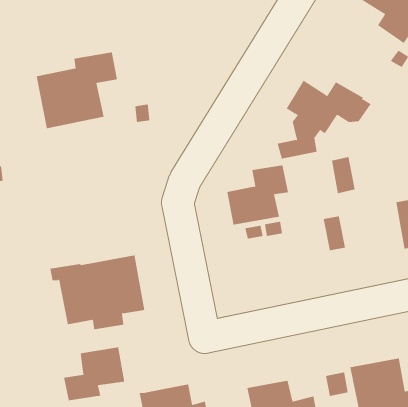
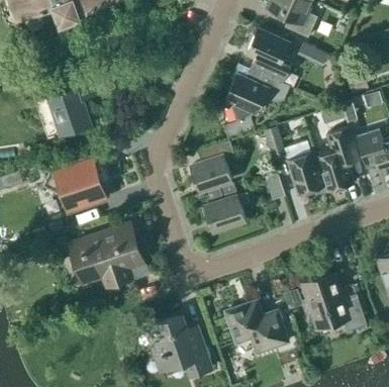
building: none -> [247,29,291,82]
building: none -> [42,156,107,212]
building: none -> [287,152,323,194]
building: none -> [204,193,250,231]
building: [64,346,125,401] -> none

